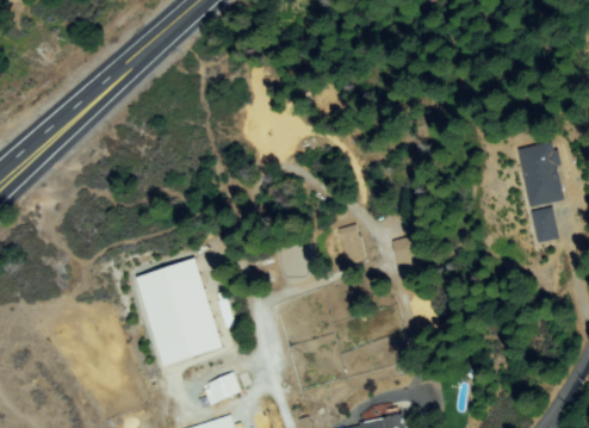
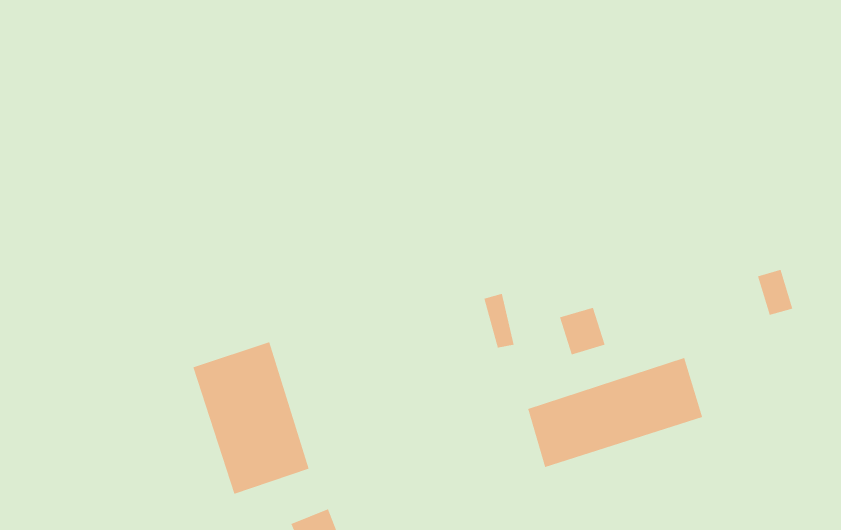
building: [516,143,560,206] -> none
building: none -> [527,357,703,468]

